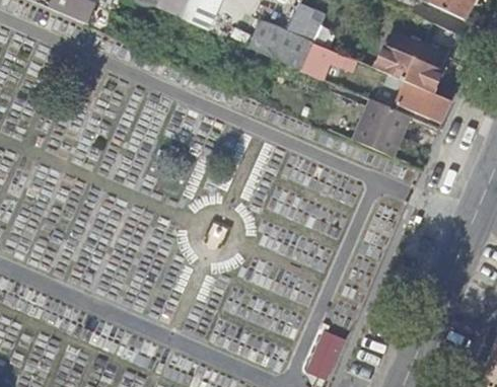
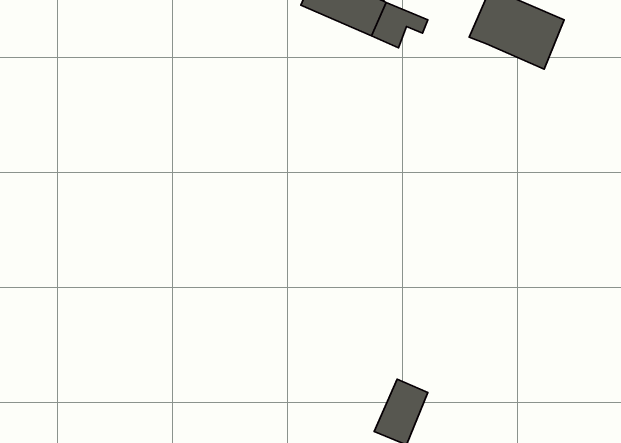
building: [386,73,450,117] -> none
building: [355,97,412,154] -> none

